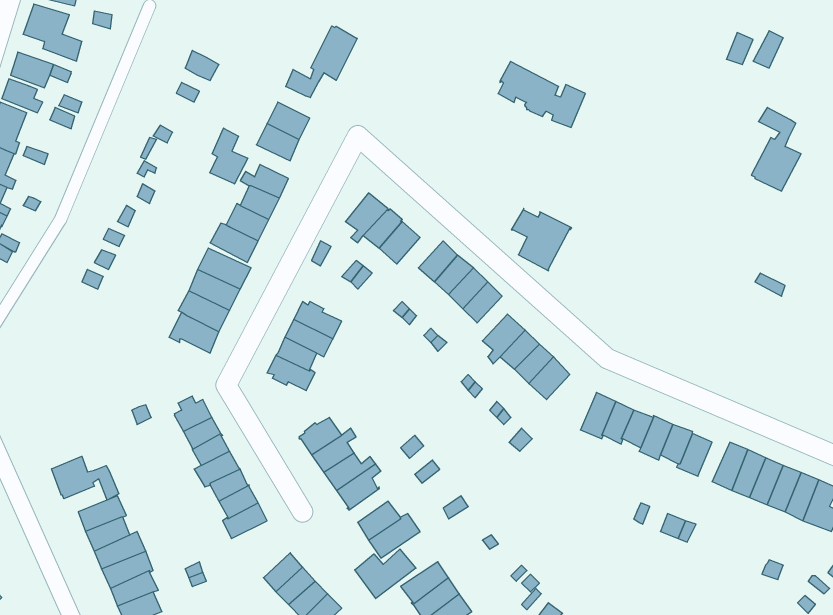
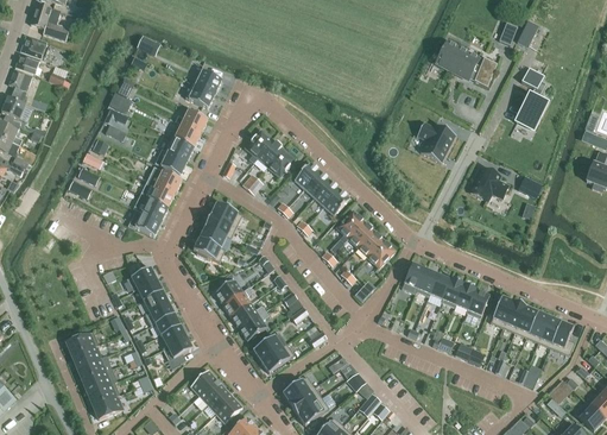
building: [286,26,357,98] -> none
building: [498,61,585,127] -> [438,42,497,86]
building: [210,128,248,184] -> none
building: [511,208,572,271] -> [416,121,456,163]
building: none -> [470,168,508,201]
building: [52,456,119,500] -> none
building: [355,549,416,599] -> none

